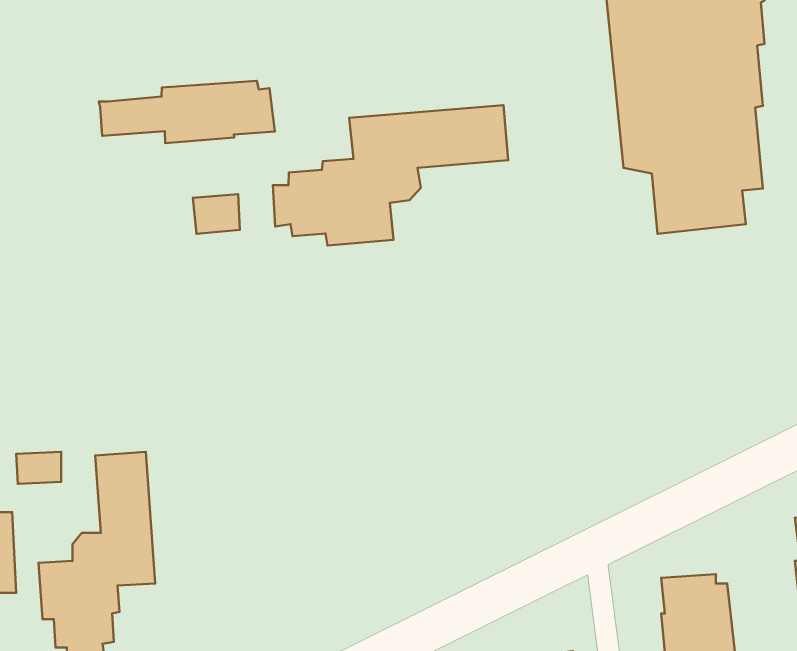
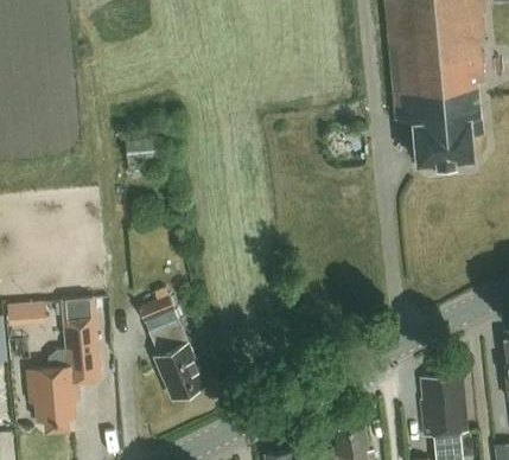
building: [99,81,275,143] -> none
building: [273,105,508,245] -> none
building: none -> [136,296,203,400]

